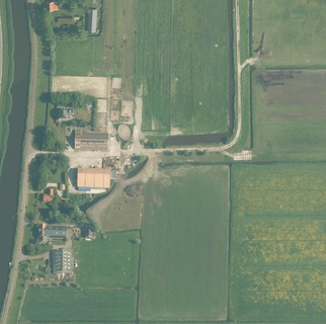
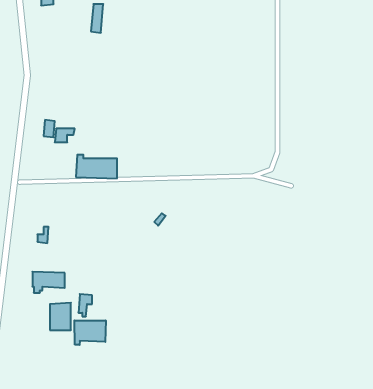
building: [76,170,109,189] -> none
building: none -> [74,320,106,345]

